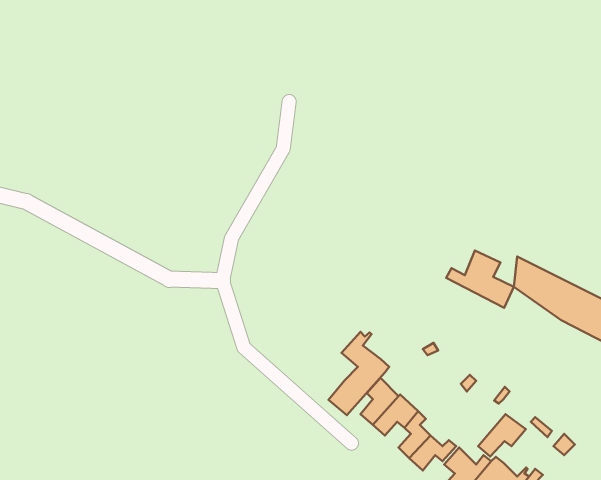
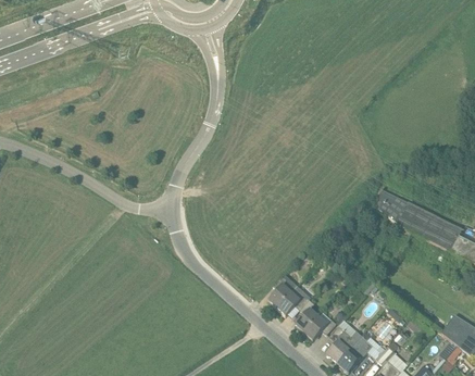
building: [446,250,514,308] -> none
building: [329,332,389,415] -> none
building: [478,414,526,457] -> none

